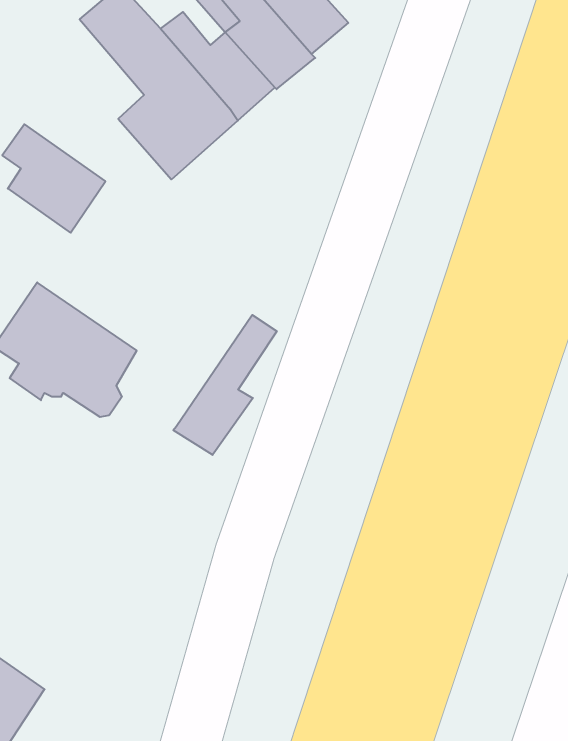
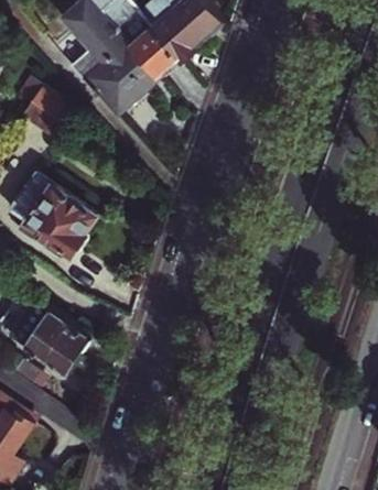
building: [173,315,277,455] -> none
building: none -> [18,307,89,374]

